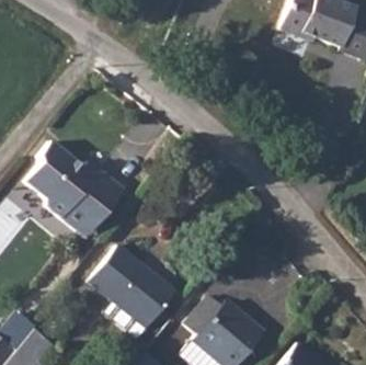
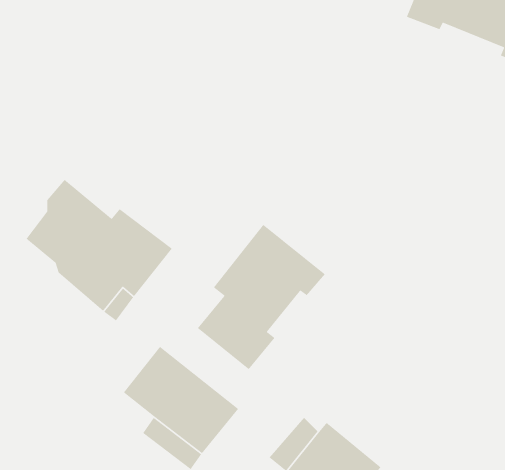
building: none -> [197,224,326,370]

